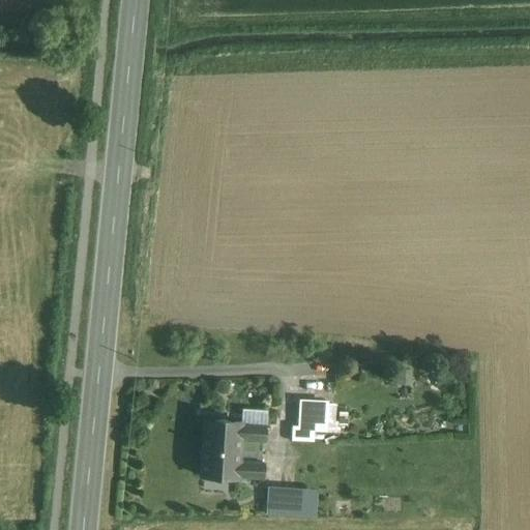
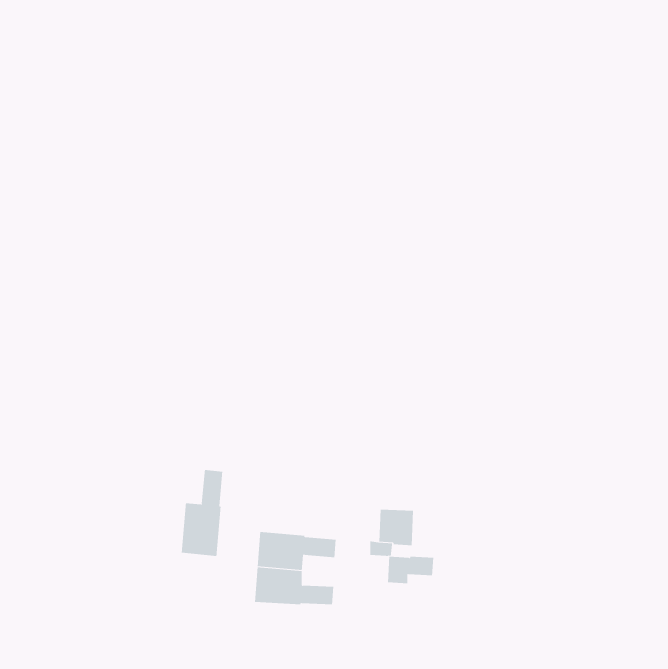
building: none -> [181,469,223,557]
building: [269,491,306,512] -> [387,556,434,584]

